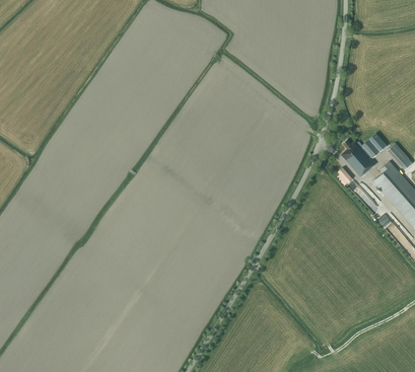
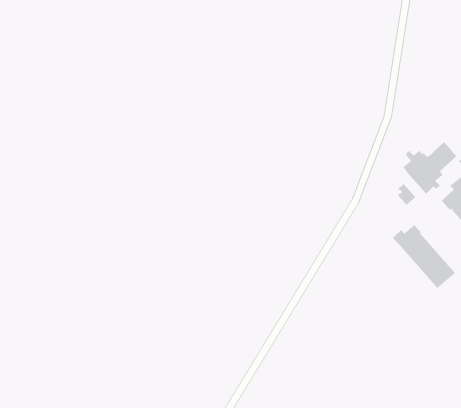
building: none -> [392,224,456,289]

